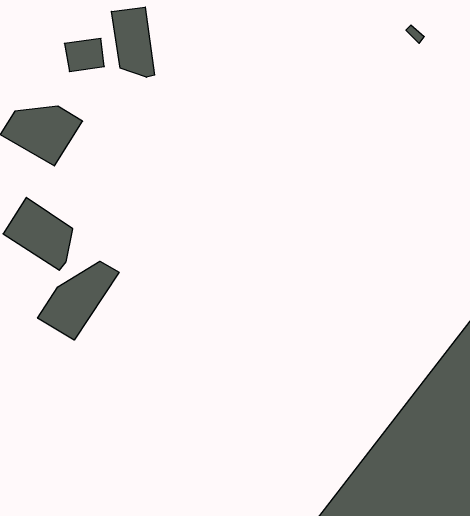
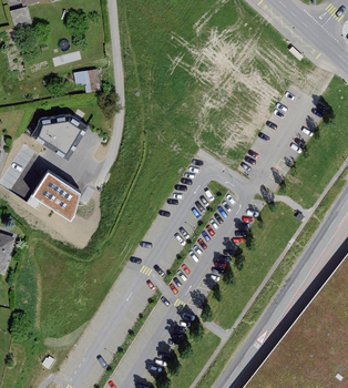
building: [111,7,155,77] -> none
building: [38,261,119,340] -> none

